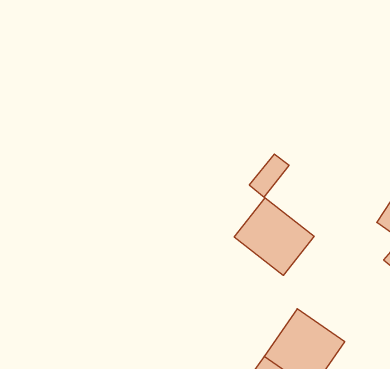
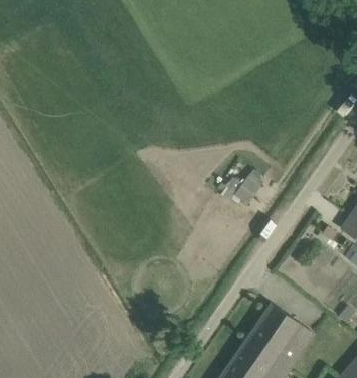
building: [234,198,314,275] -> none

